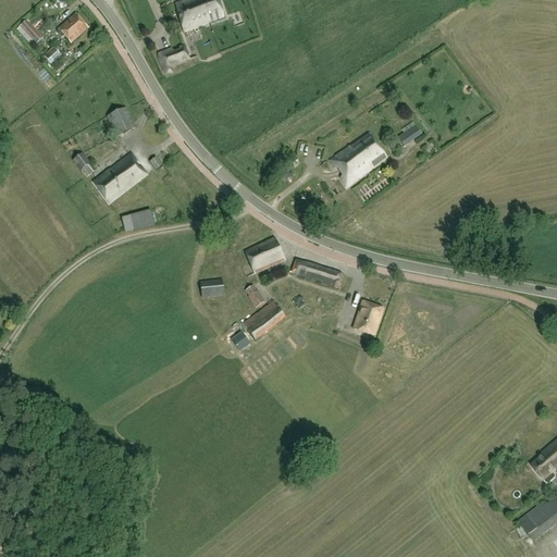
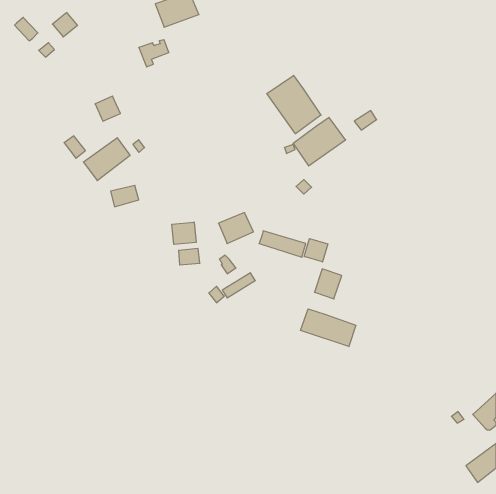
building: none -> [267,75,321,134]
building: none -> [172,222,196,244]
building: none -> [304,239,328,262]
building: none -> [300,309,356,347]

